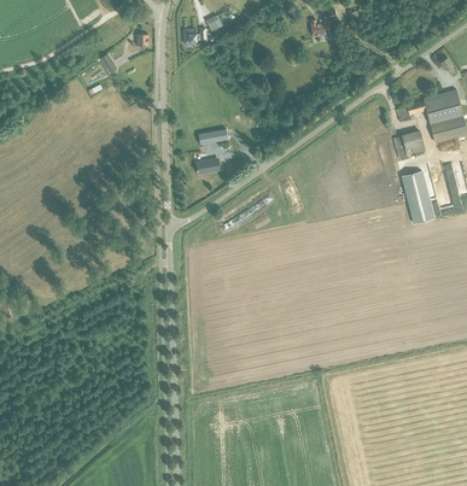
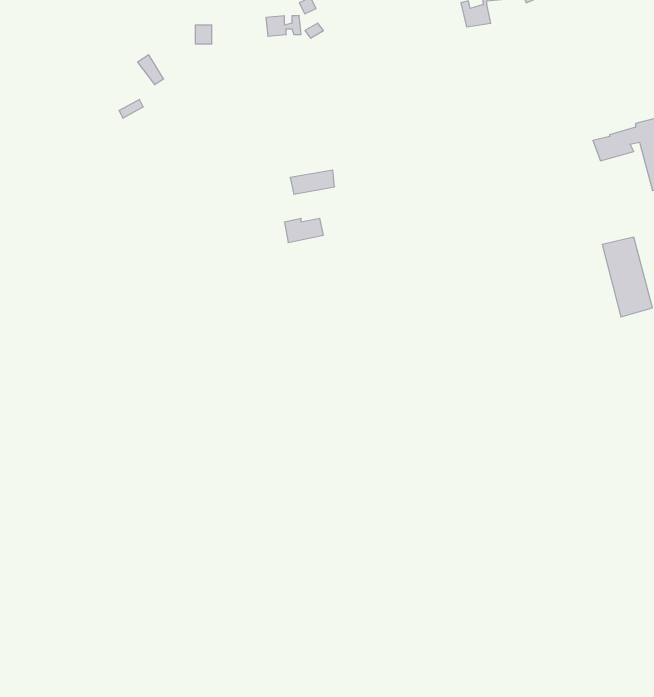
building: [393,131,425,158] -> none

